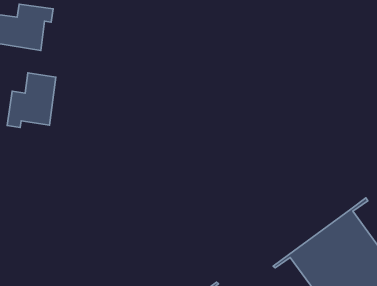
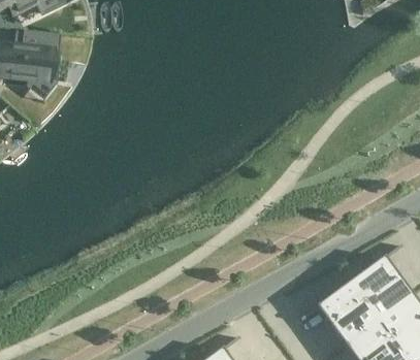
building: [7,73,56,128] -> none

